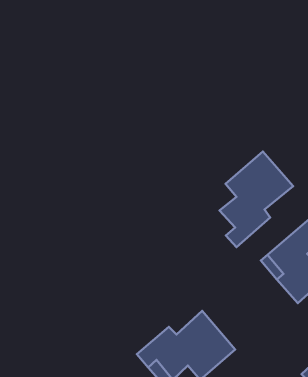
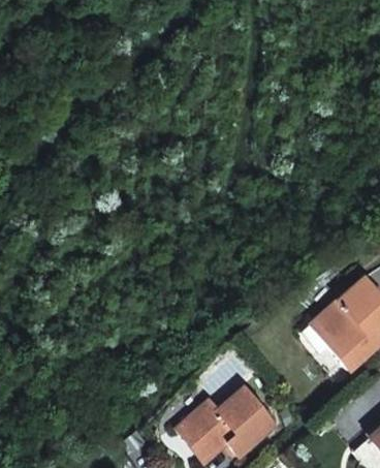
building: [219,151,293,247] -> none

